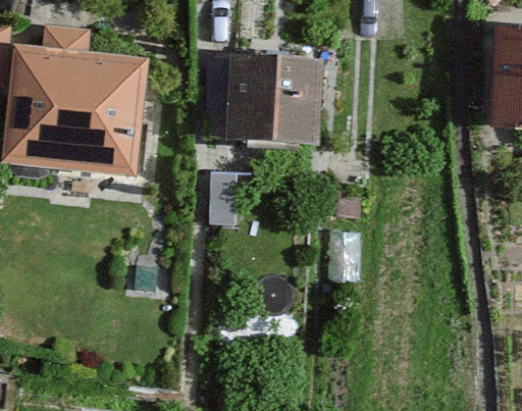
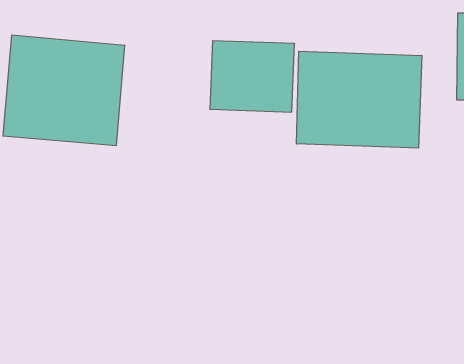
building: none -> [297,51,422,148]

